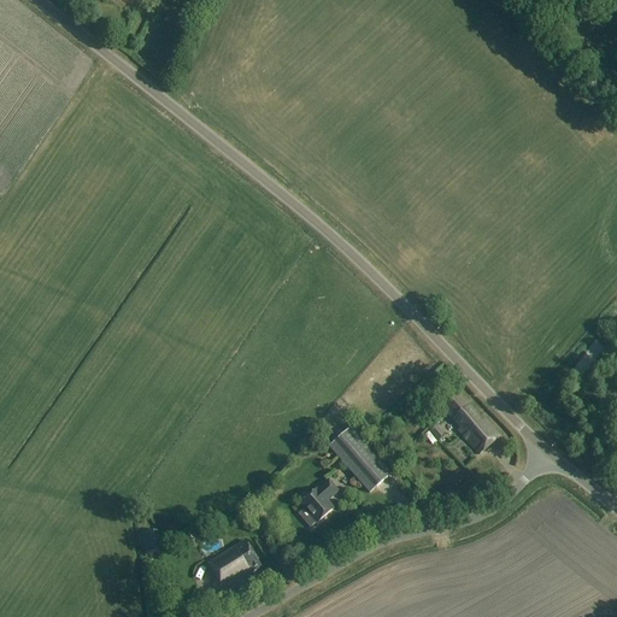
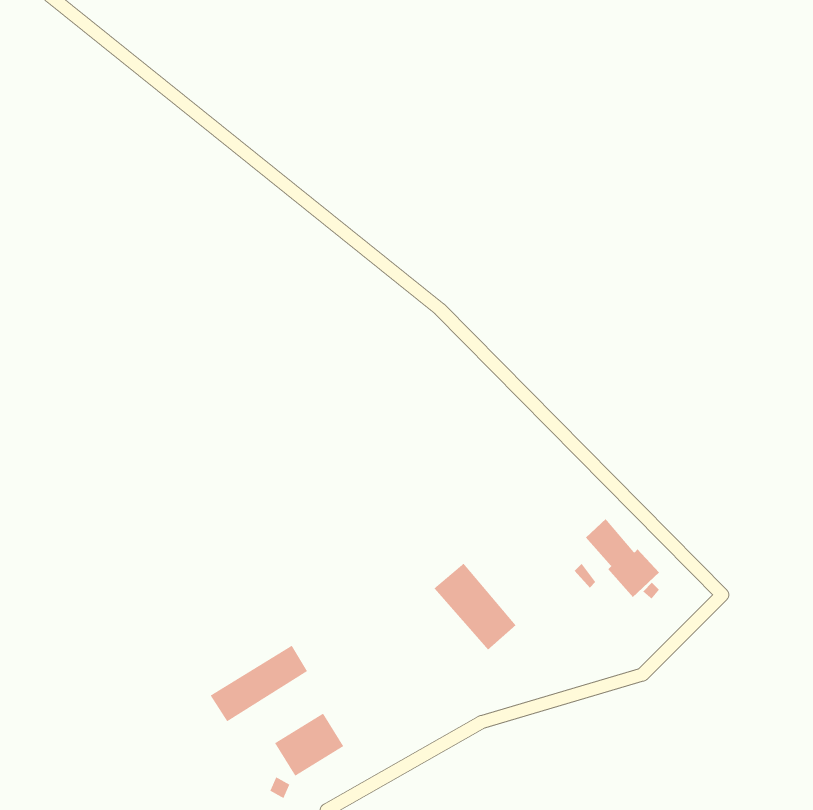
building: [298,477,337,524] -> none
building: none -> [210,645,308,722]

